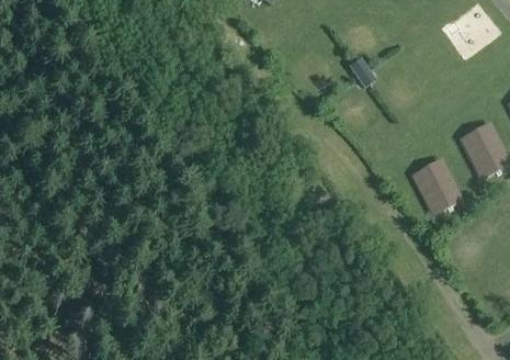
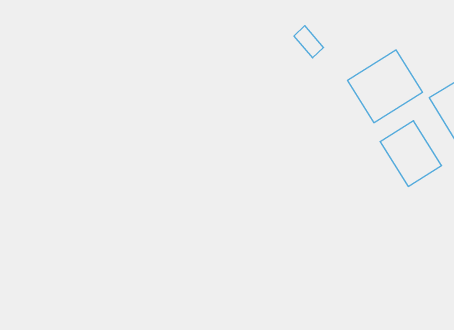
building: none -> [348,50,422,123]

